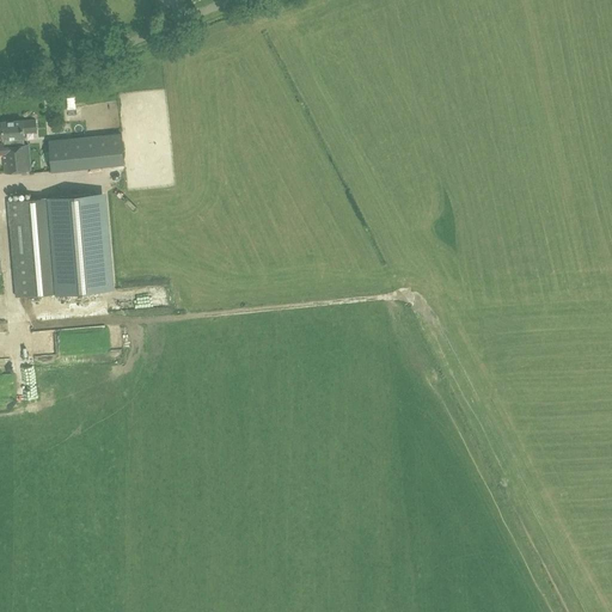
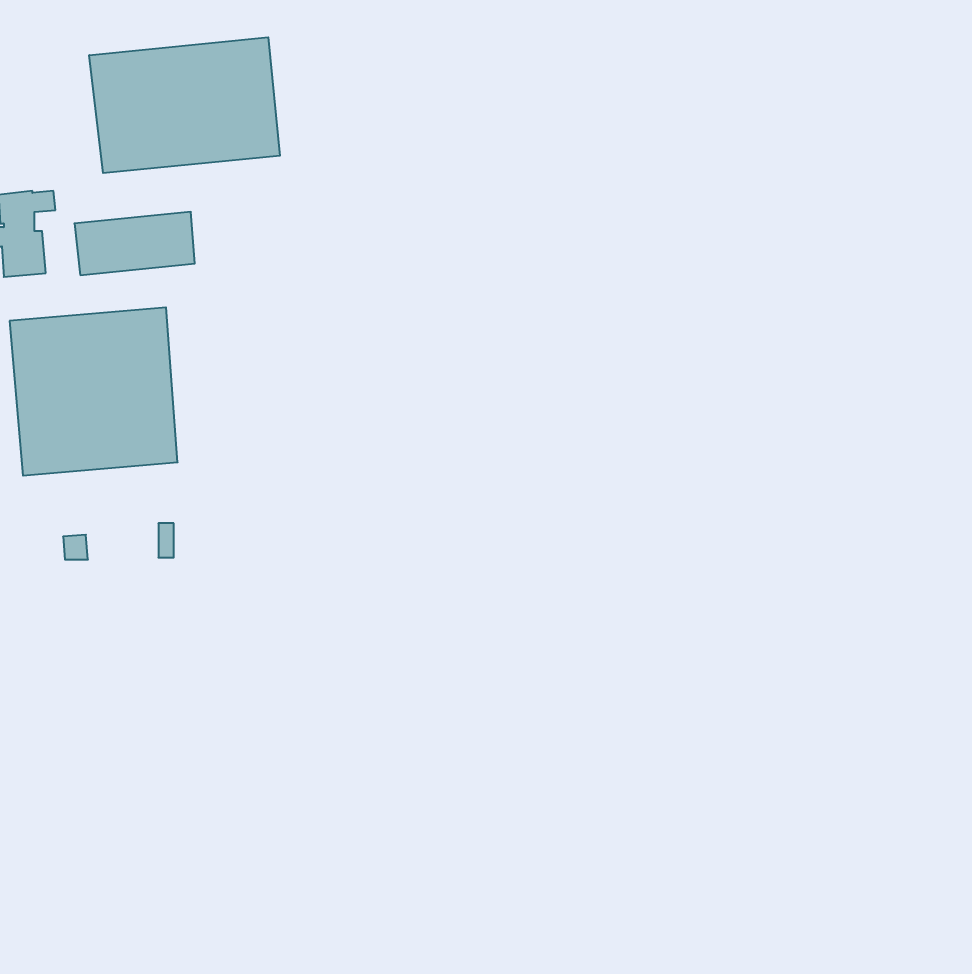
building: none -> [89,37,280,173]

